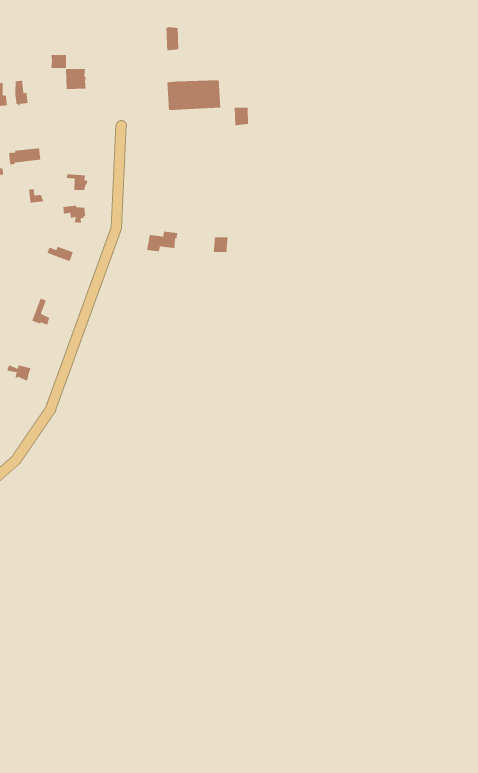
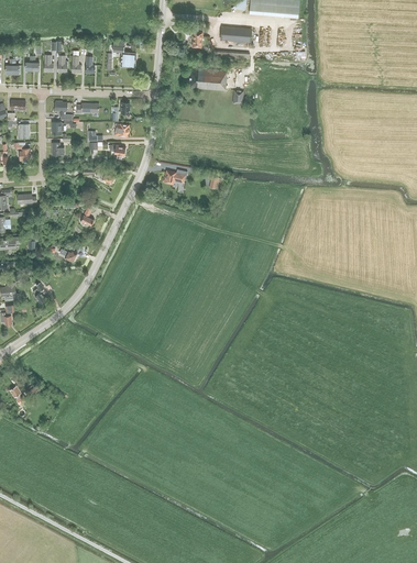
building: none -> [220,26,251,44]

